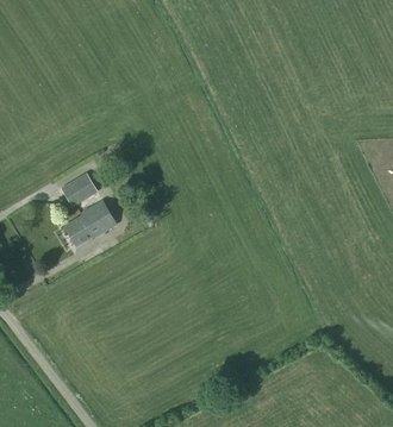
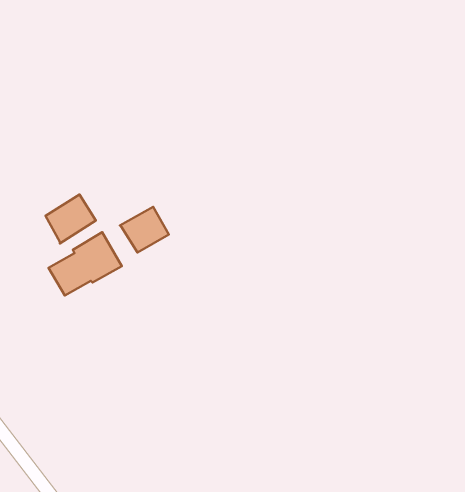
building: none -> [120,207,169,253]

